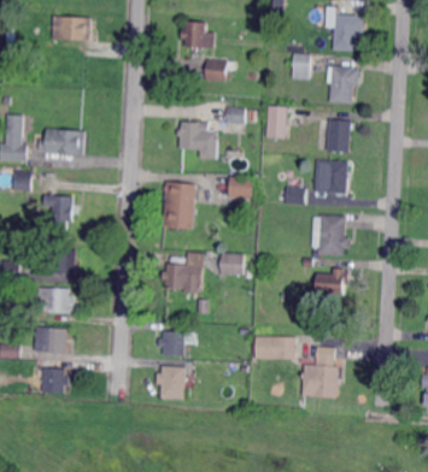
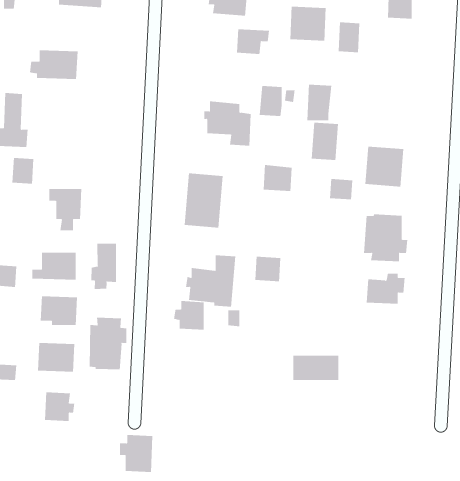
building: none -> [290,6,326,41]
building: [329,65,359,102] -> none
building: [327,119,351,152] -> [311,122,339,160]
building: [39,129,81,154] -> [29,50,78,79]
building: none -> [91,243,116,290]
building: none -> [89,317,127,370]
building: [158,330,184,355] -> [173,301,204,330]
building: [303,346,339,397] -> none
building: [157,365,186,397] -> [119,434,153,473]

